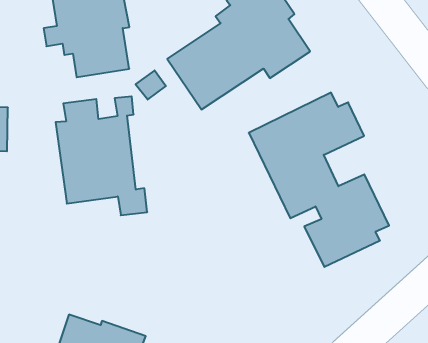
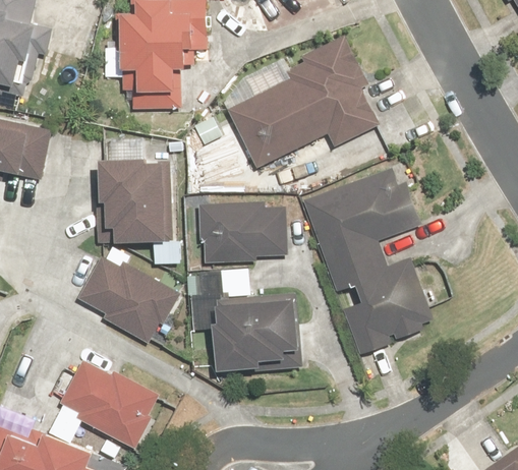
building: none -> [197,201,289,263]
building: none -> [186,271,305,368]
building: none -> [77,255,181,344]

